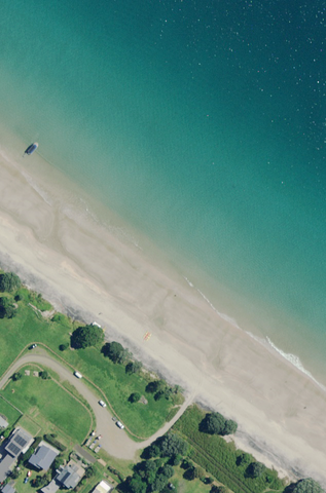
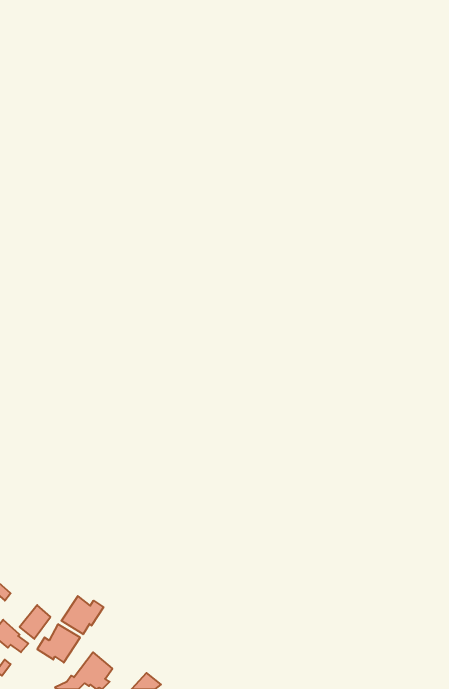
building: none -> [61,596,103,634]

